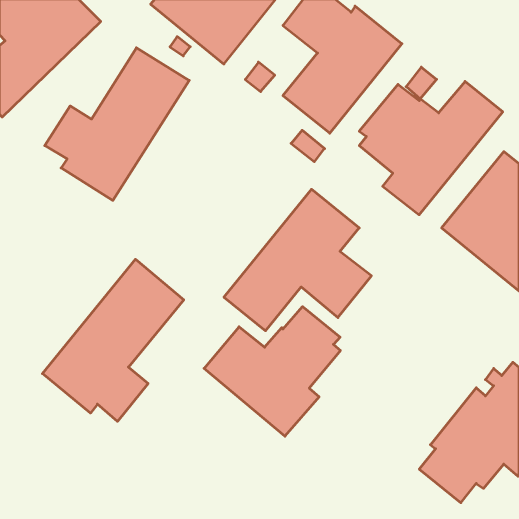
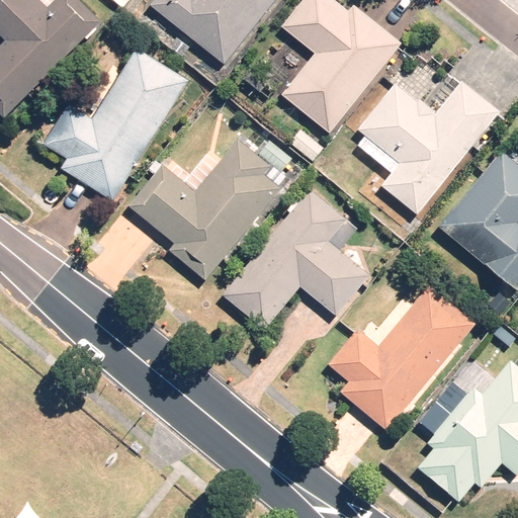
building: none -> [127,139,291,280]
building: [42,259,184,421] -> none
building: none -> [328,284,476,430]
building: [204,307,340,436] -> none

